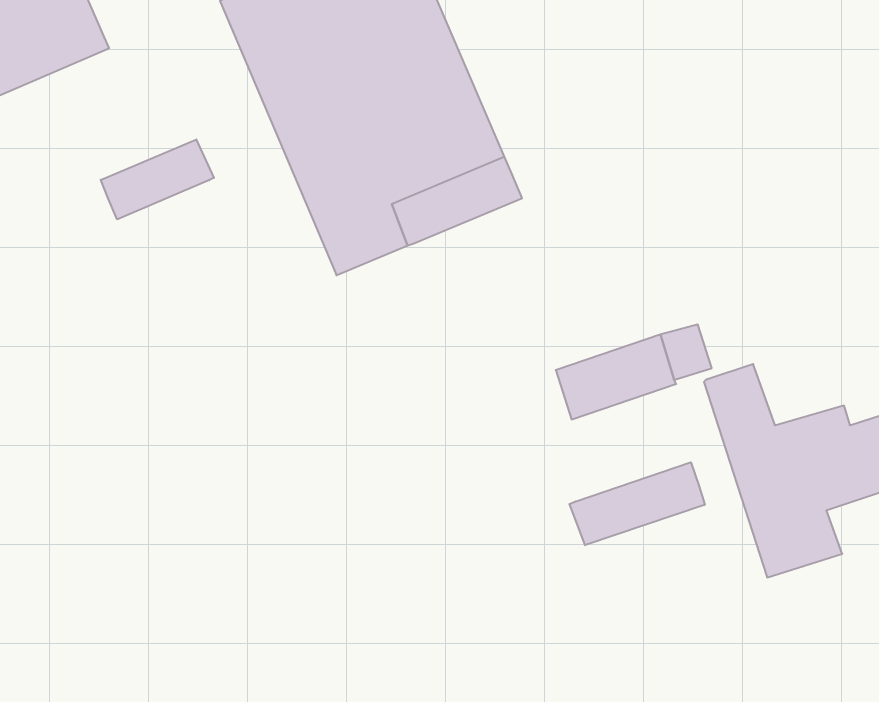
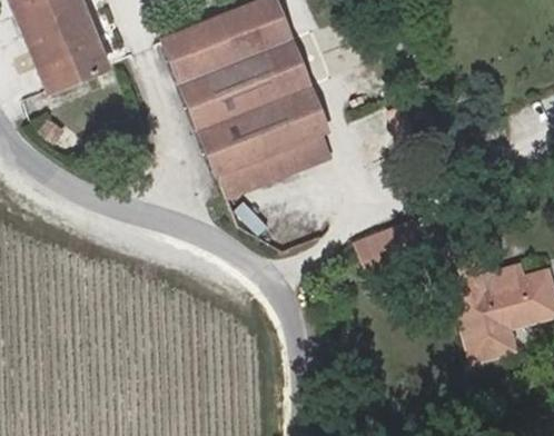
building: [101,139,214,219] -> none
building: [569,462,705,545] -> none

